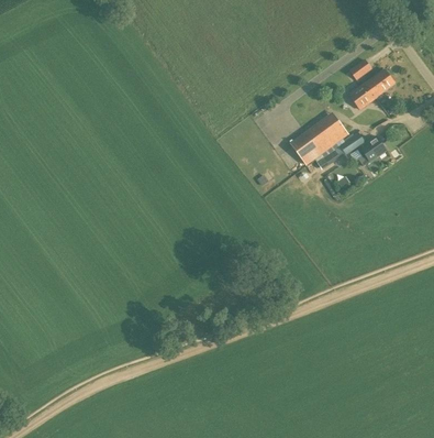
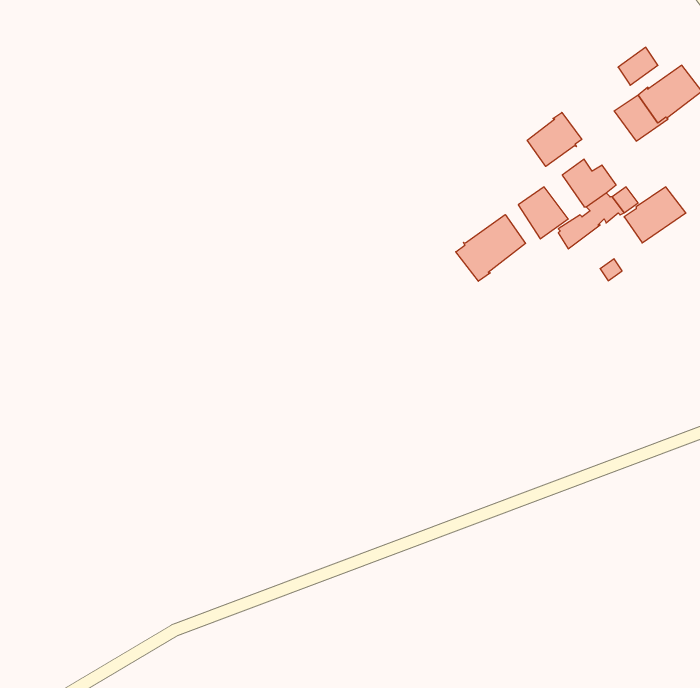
building: none -> [527,112,582,166]
building: none -> [456,215,526,281]

